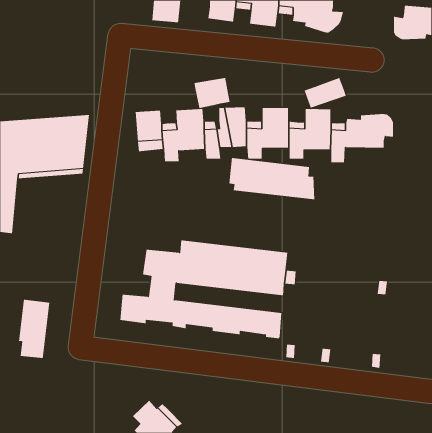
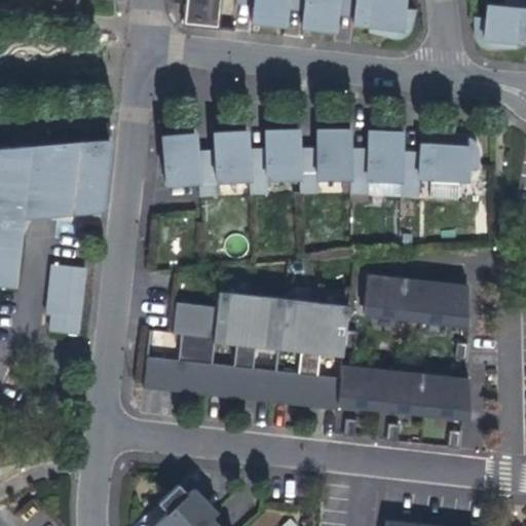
building: [194,77,230,109] -> none
building: [304,77,346,109] -> none
building: [229,157,315,200] -> [367,271,472,323]
building: [18,299,50,359] -> [48,263,87,335]
building: none -> [340,367,473,415]

